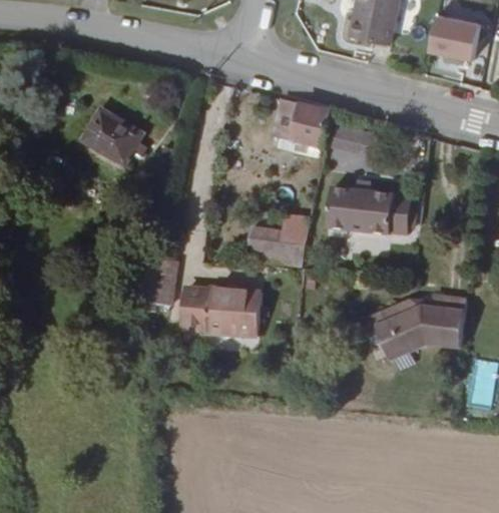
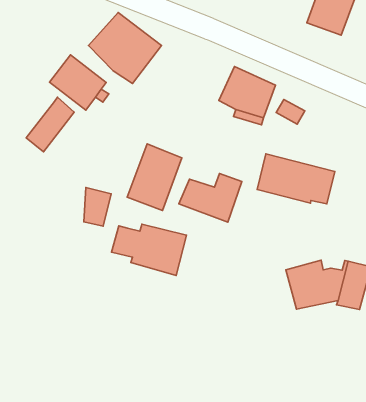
building: none -> [89,12,162,83]
building: none -> [26,97,74,152]
building: none -> [127,144,182,210]

